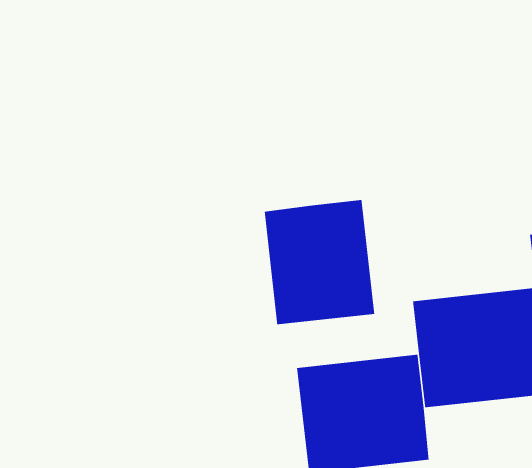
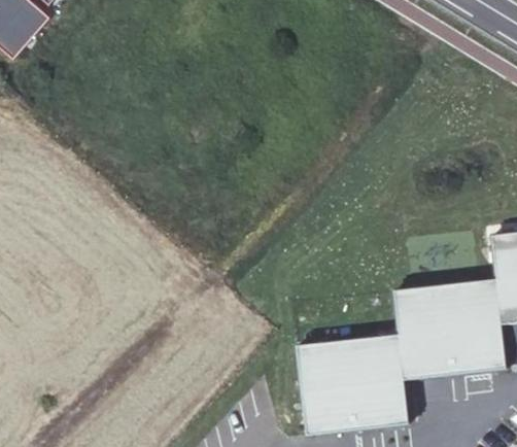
building: [264,199,375,325] -> none

